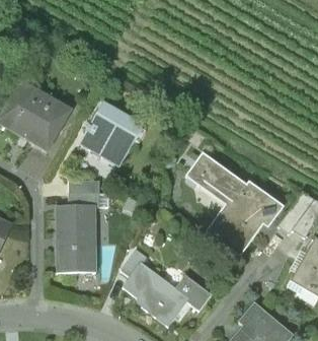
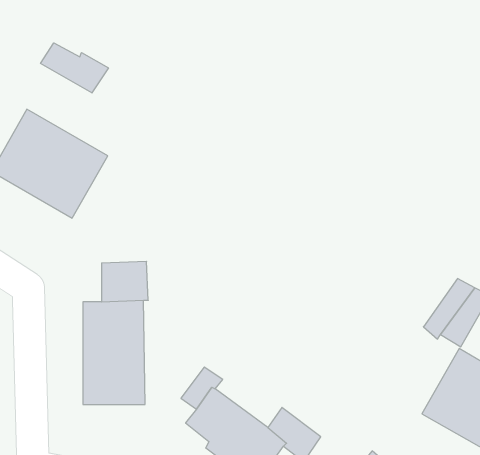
building: none -> [41,43,108,93]
building: [81,103,146,166] -> none
building: [189,152,288,255] -> none

